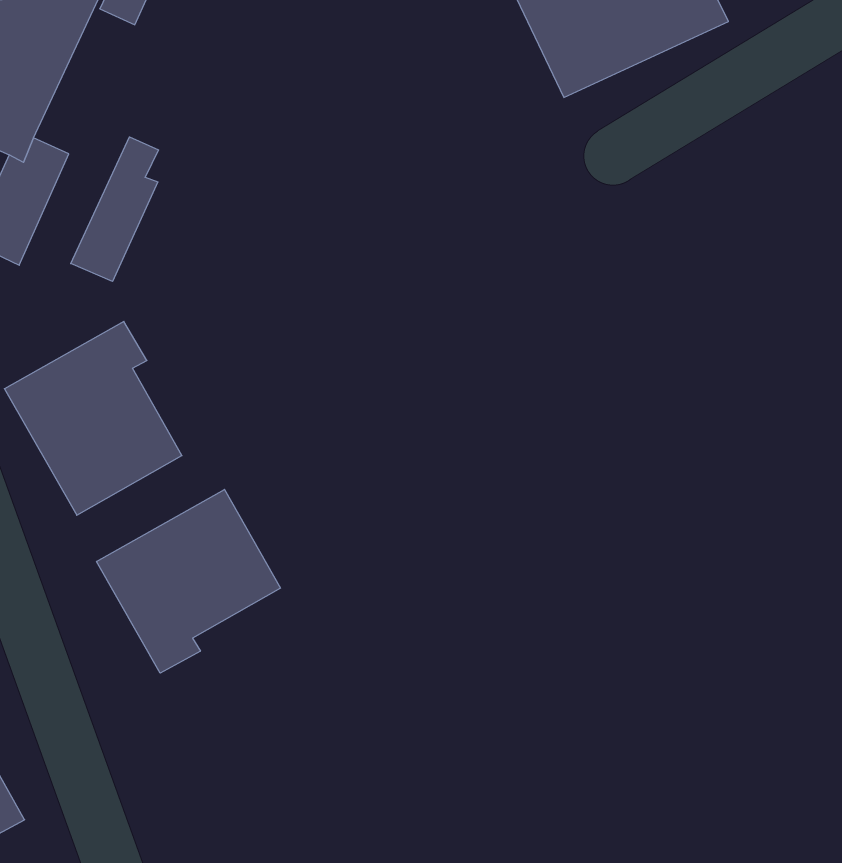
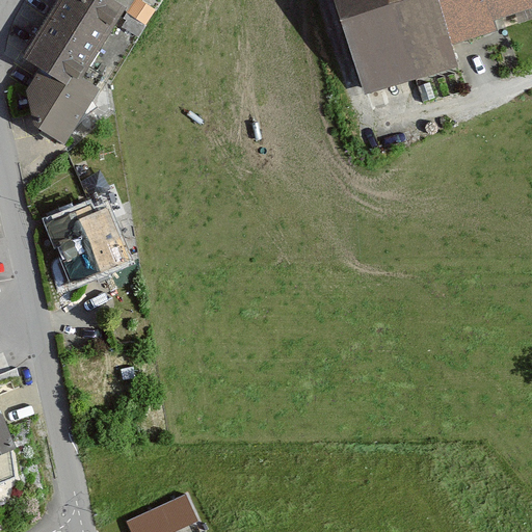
building: [71,137,158,281] -> none
building: [97,489,280,673] -> none

